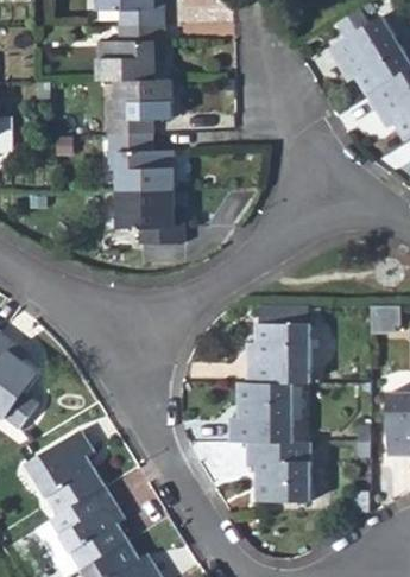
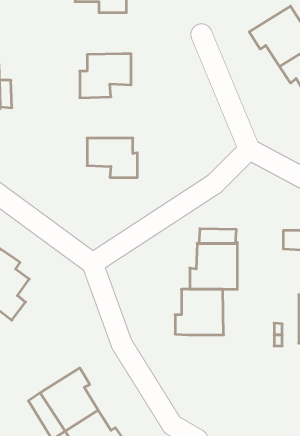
building: [99,26,165,81] -> none
building: [105,135,174,189] -> none
building: [30,432,105,514] -> none
building: [245,444,308,503] -> none

